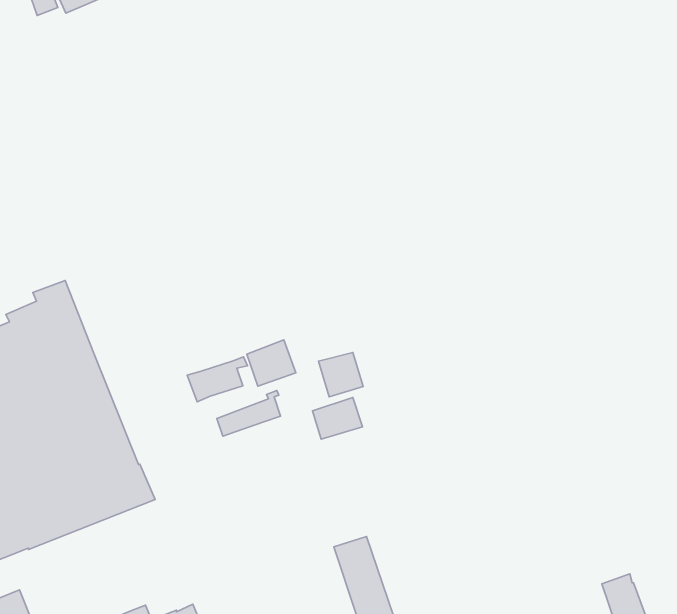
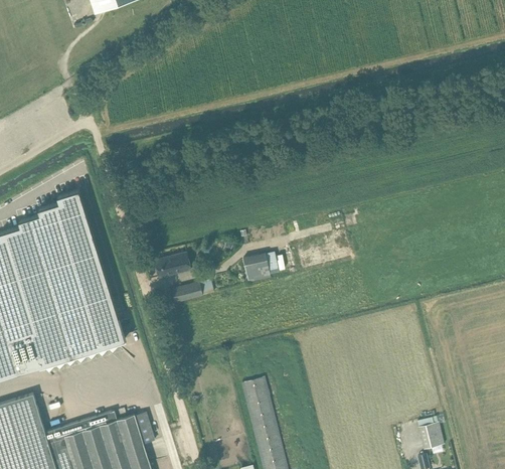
building: [247,340,296,386] -> none
building: [313,397,362,439] -> none

